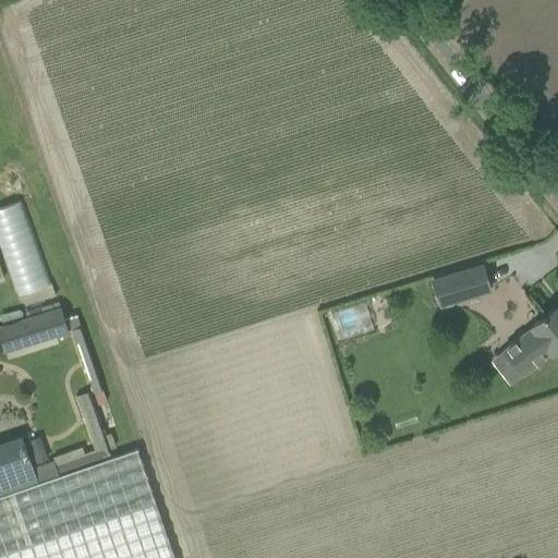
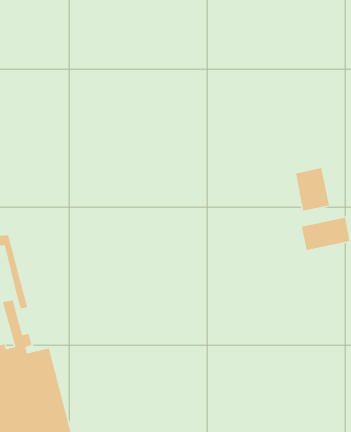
building: none -> [295,167,330,211]

